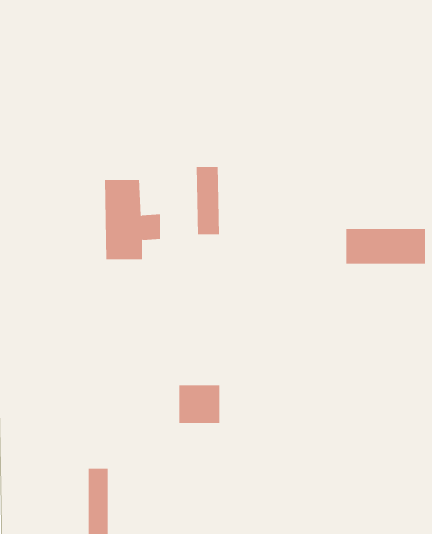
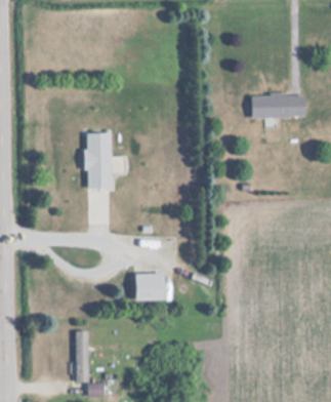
building: [196,166,220,235] -> none
building: [345,228,426,264] -> [251,93,306,118]

